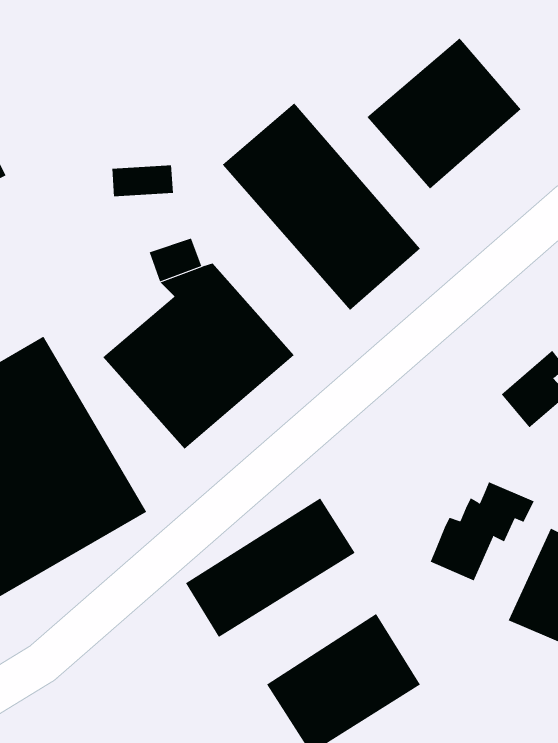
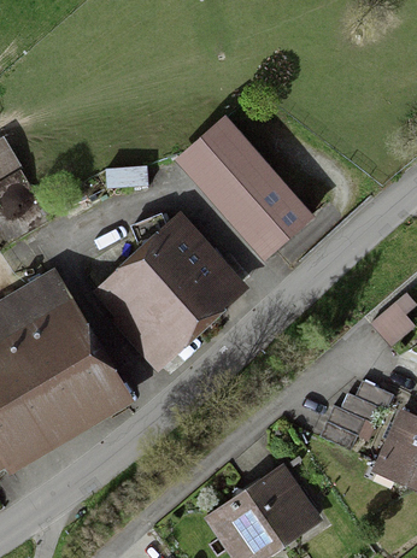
building: [366,37,522,189] -> none
building: [185,498,356,638] -> none

